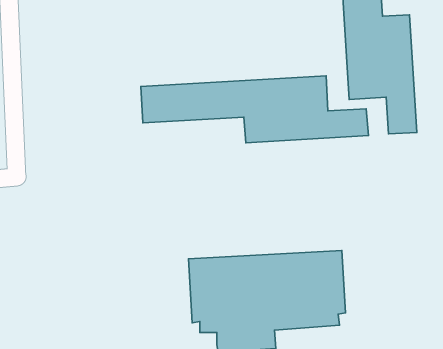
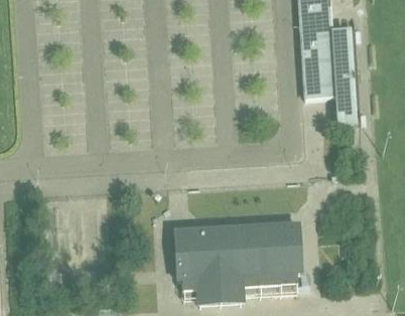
building: [141,76,368,143] -> none

